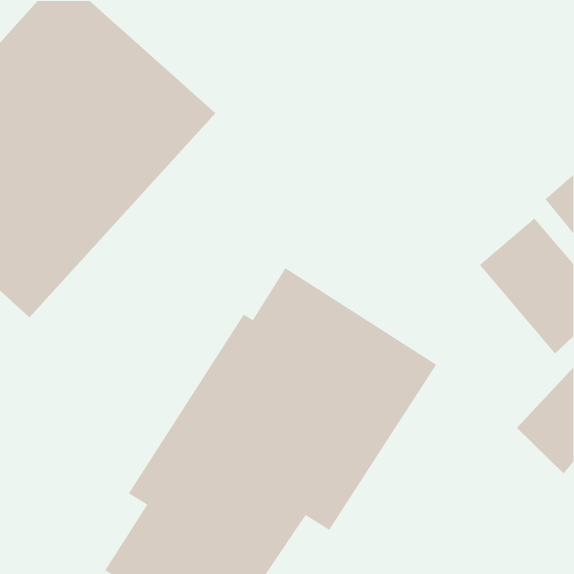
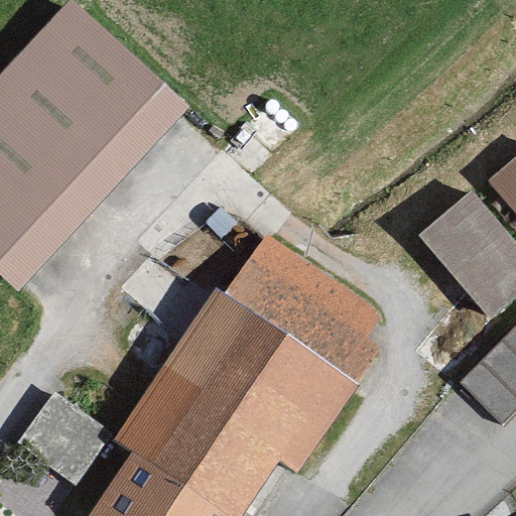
building: none -> [23,399,99,470]

